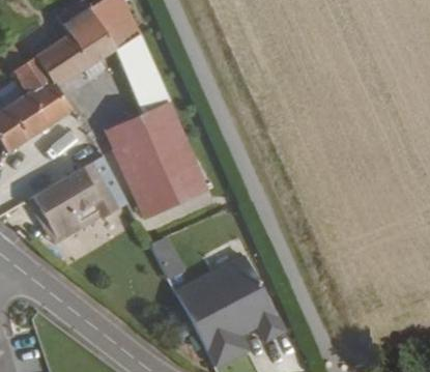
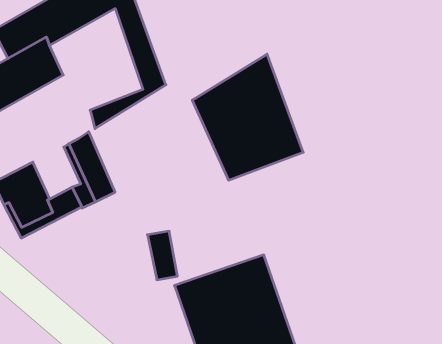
building: [101,112,199,223] -> [192,54,303,180]
building: [52,171,94,217] -> none

